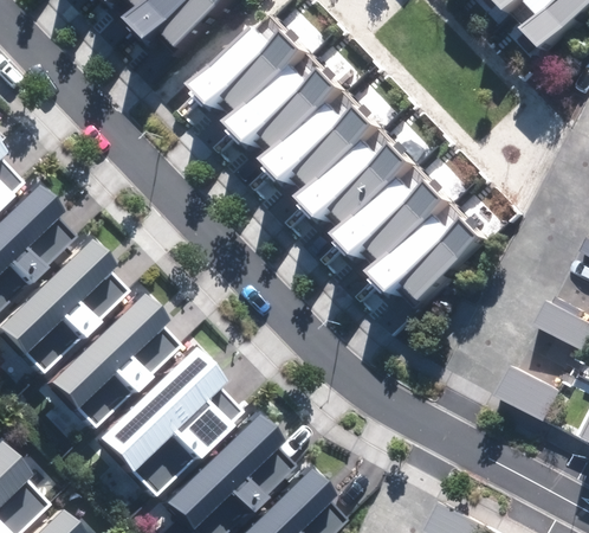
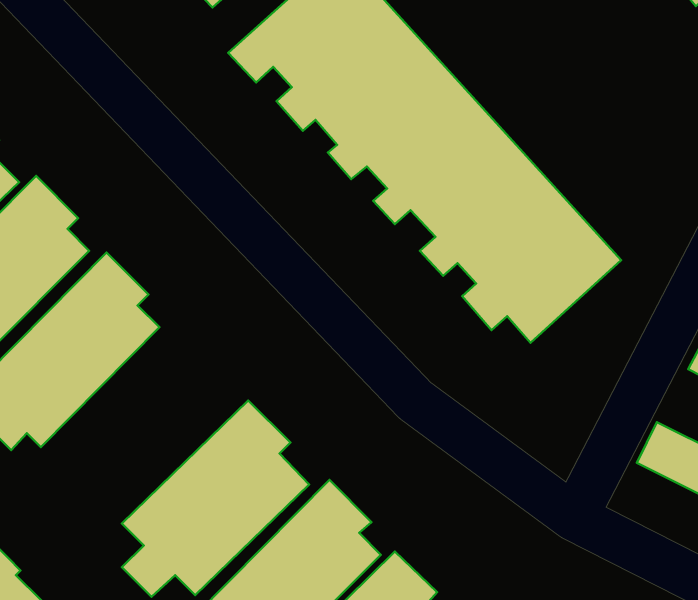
building: [38,289,179,438] -> none

